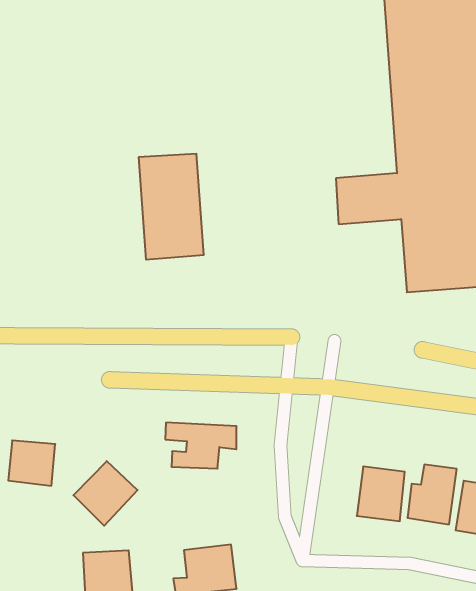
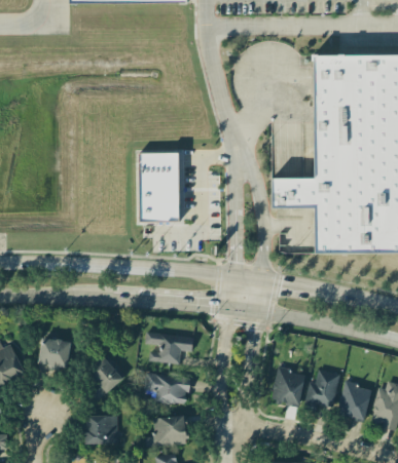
building: none -> [144,373,191,404]

